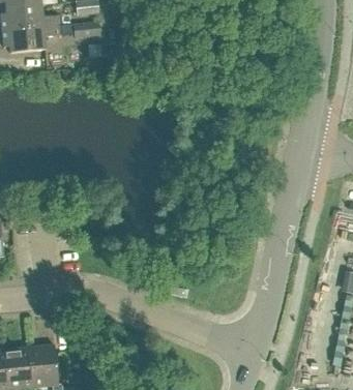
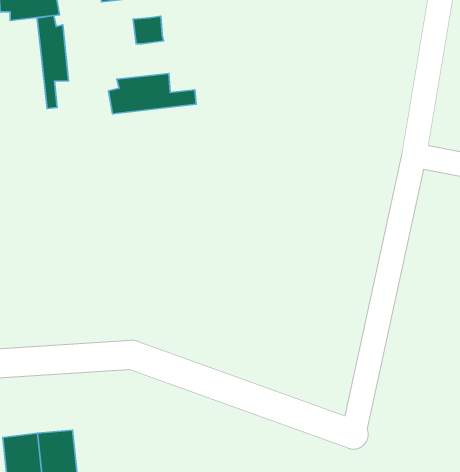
building: none -> [37,15,68,108]
building: none -> [109,73,196,114]

